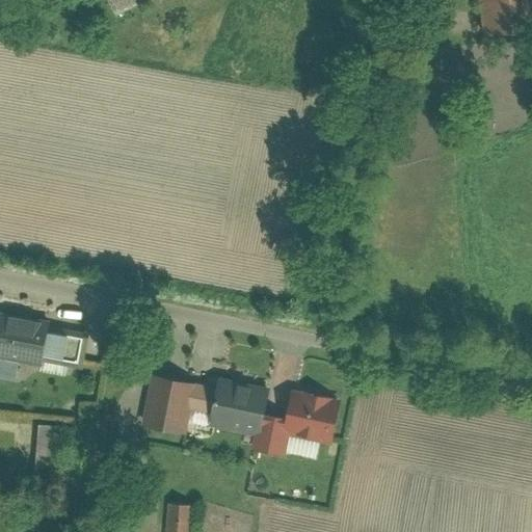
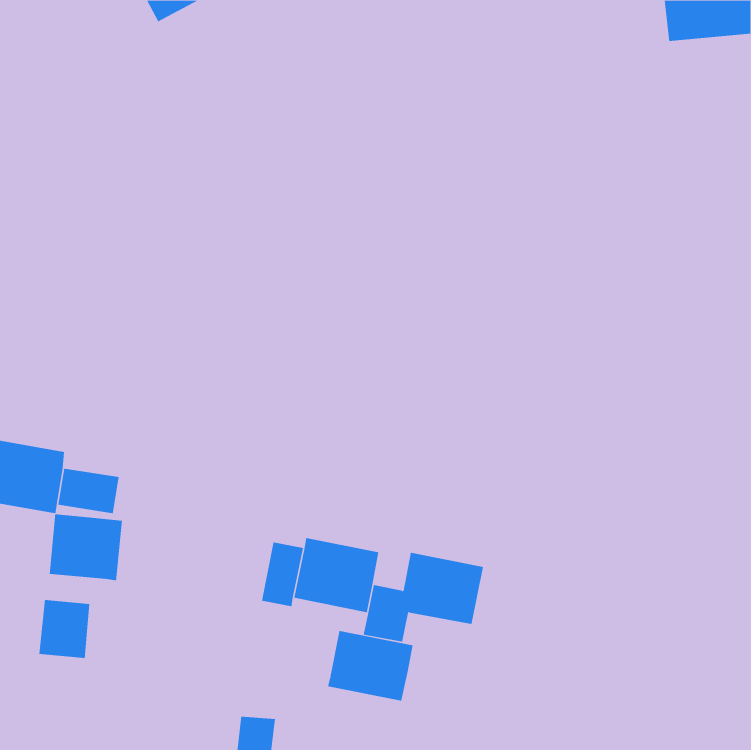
building: none -> [49,514,122,581]
building: [140,376,192,432] -> none
building: none -> [327,630,413,702]

